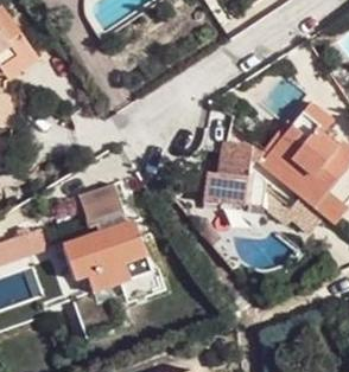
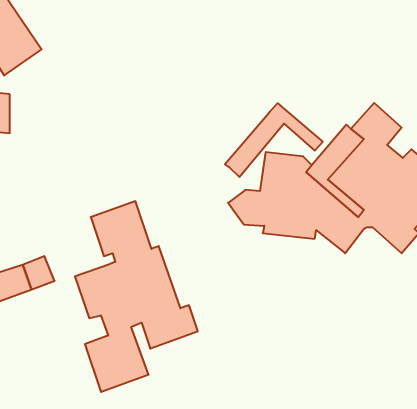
building: none -> [225,103,323,177]

